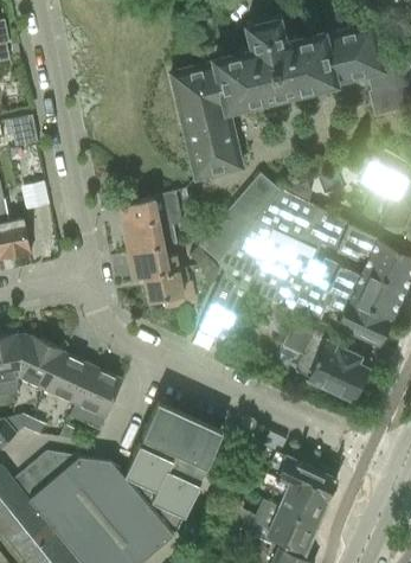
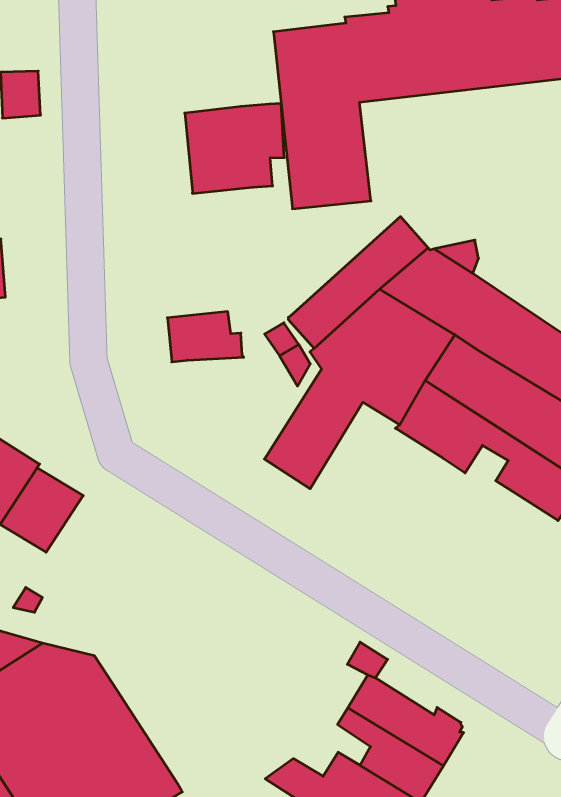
building: [118,194,181,255] -> [185,104,284,193]
building: [145,270,190,311] -> none
building: [282,318,371,401] -> none
building: [75,367,123,418] -> none
building: [124,403,223,535] -> none

